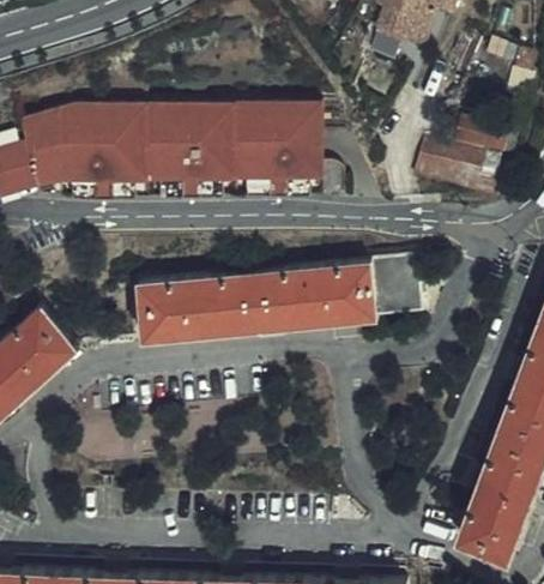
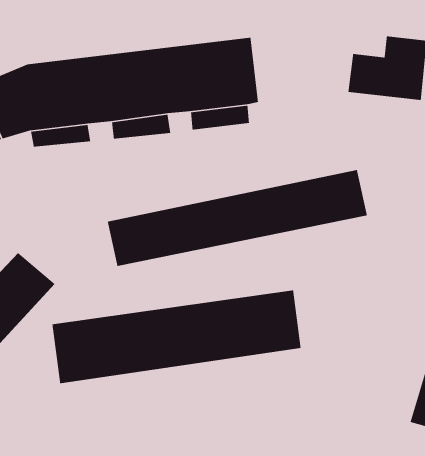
building: none -> [52,289,301,384]

